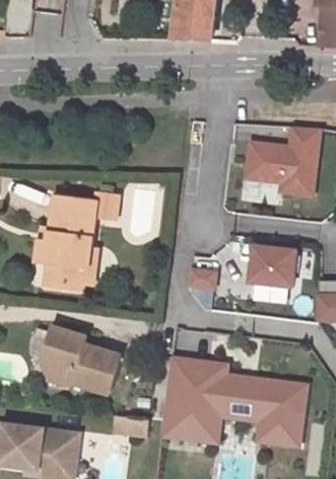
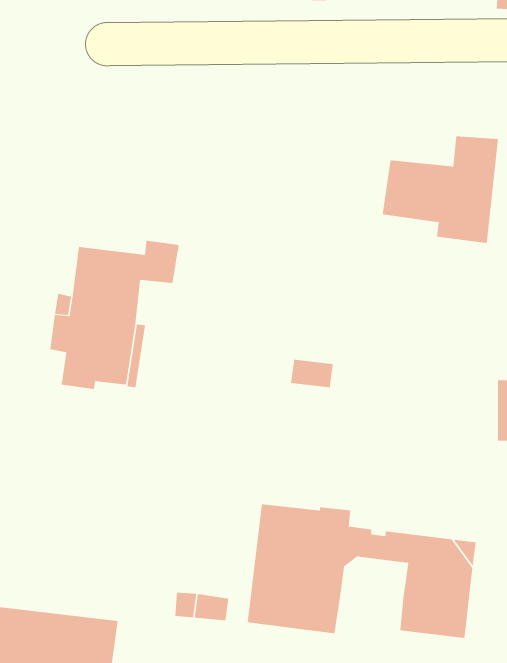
building: [251,246,297,287] -> none
building: [41,326,119,393] -> none
building: [221,393,263,419] -> none

